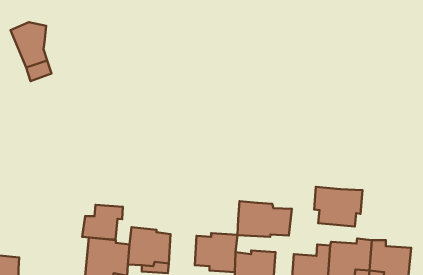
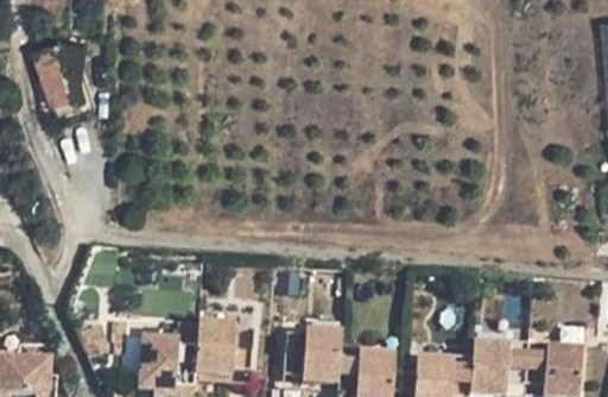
building: [314,187,362,226] -> none
building: [237,201,292,237] -> none
building: [82,205,123,240] -> none

